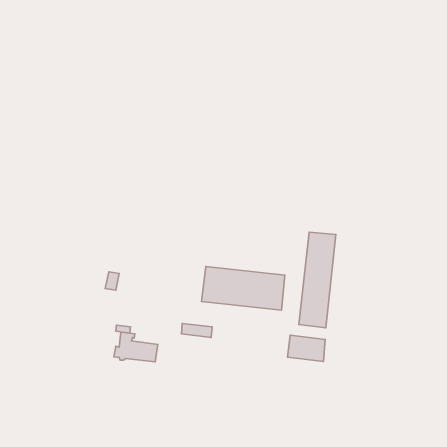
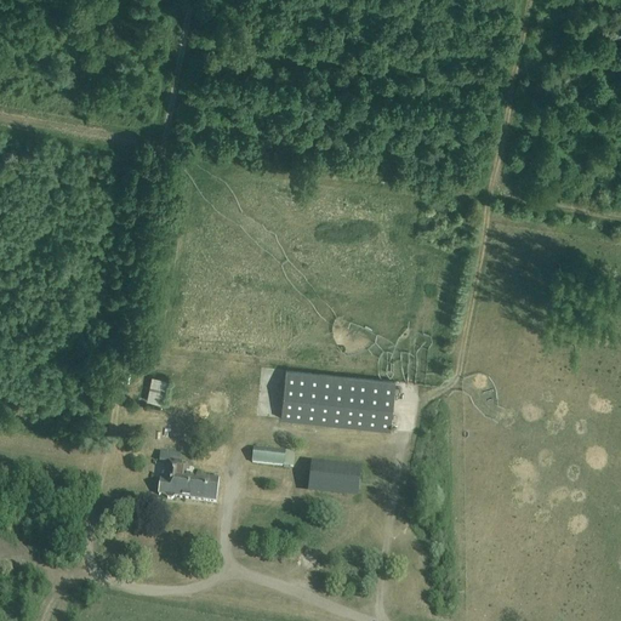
building: [299,232,336,328] -> none
building: [288,335,325,362] -> [306,463,358,500]

